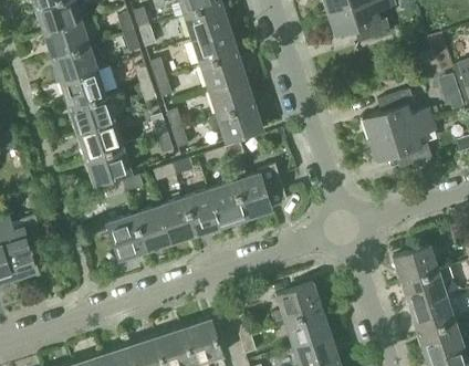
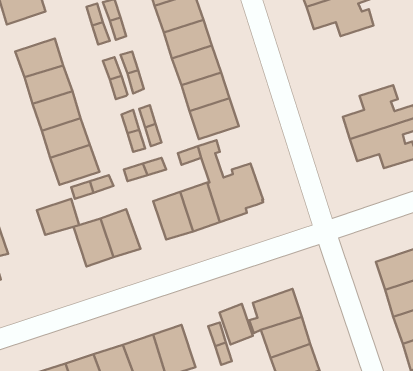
building: [43,20,88,57] -> none
building: none -> [37,199,79,235]
building: [156,199,194,244] -> none
building: none -> [219,304,253,345]

